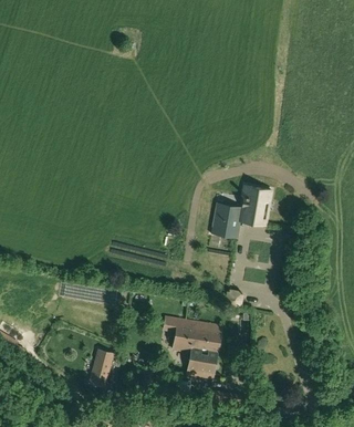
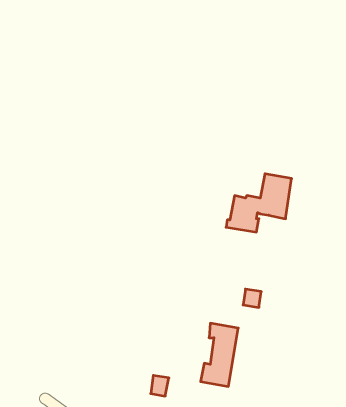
building: [163,315,199,358] -> none
building: [90,350,121,386] -> none

